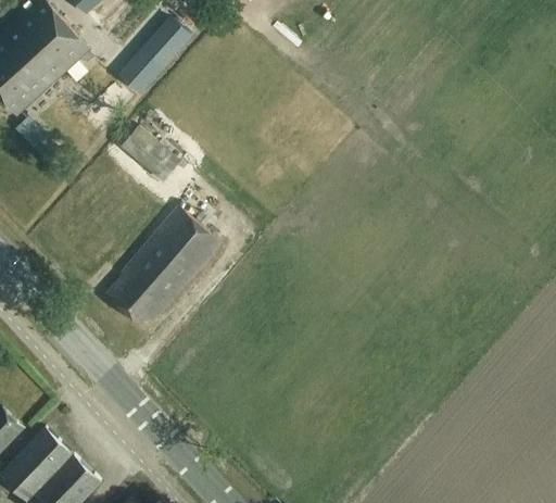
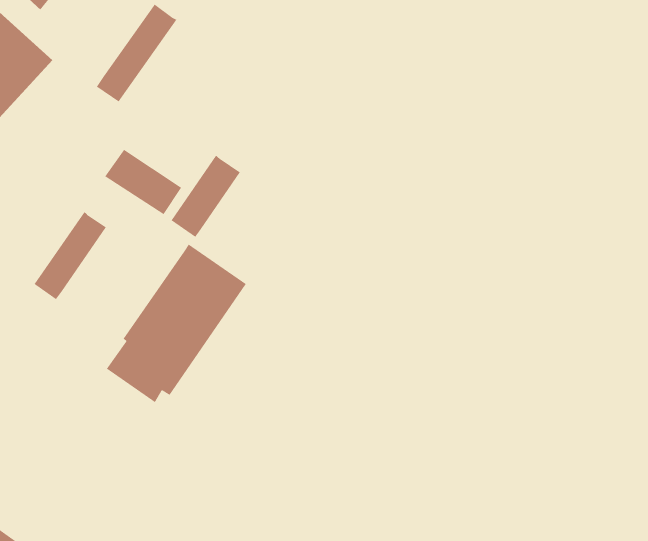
building: none -> [171,155,241,238]
building: none -> [34,211,107,300]

